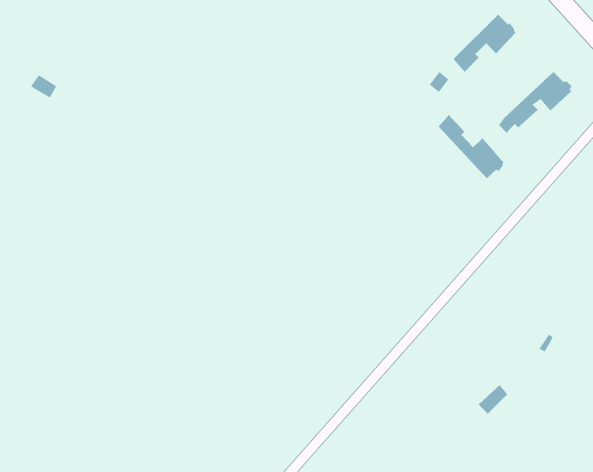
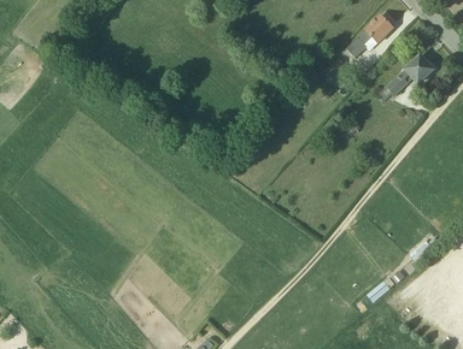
building: [438,114,505,179] -> none

